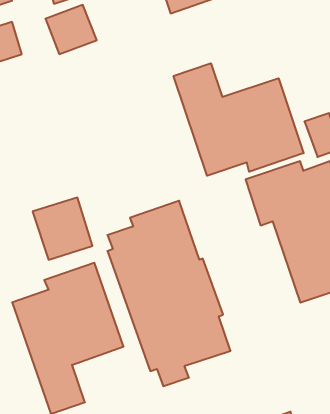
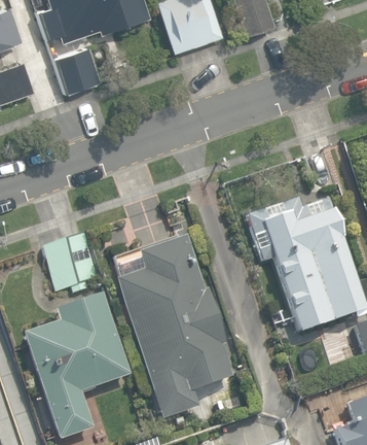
building: [174,63,304,176] -> none

